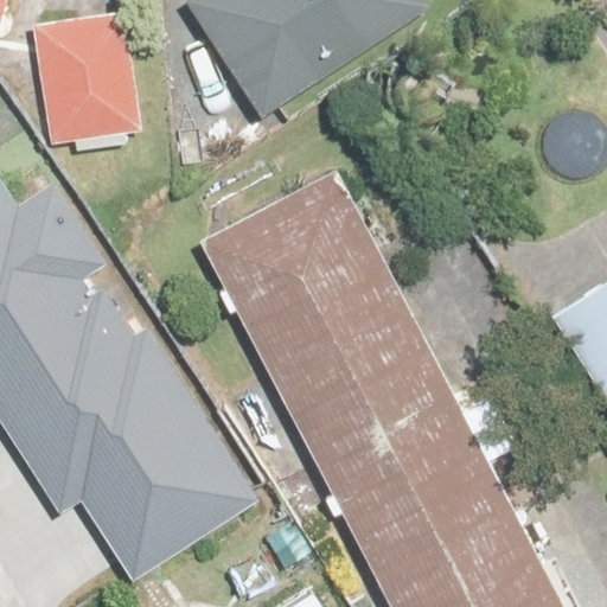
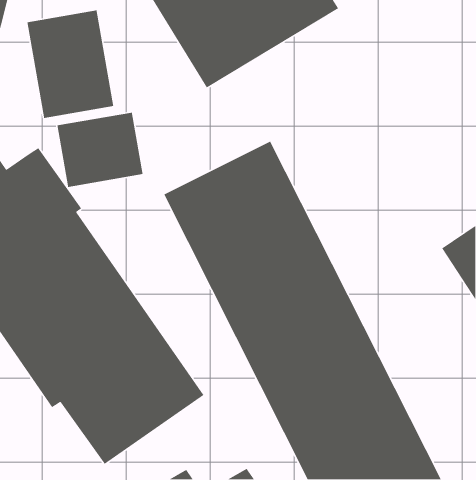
building: none -> [56,112,144,188]

